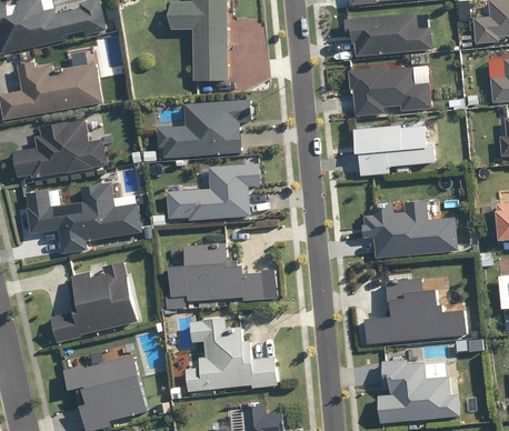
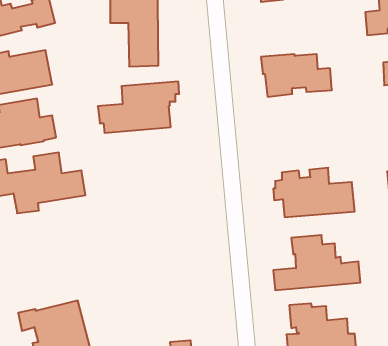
building: [343,14,430,57] -> none
building: [353,124,436,176] -> none
building: [167,163,261,220] -> none
building: [166,242,268,309] -> none
building: [51,261,136,341] -> none
building: [186,317,278,392] -> none

